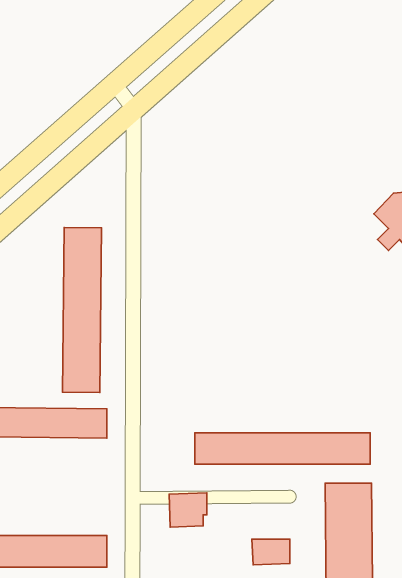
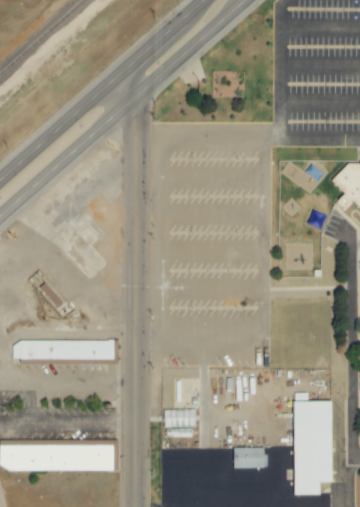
building: [63,228,102,393] -> none
building: [195,433,370,464] -> none

